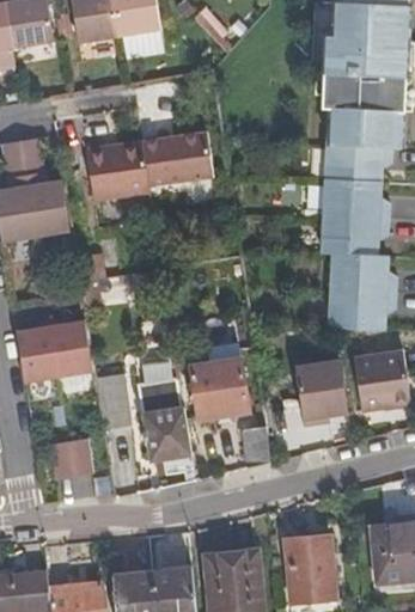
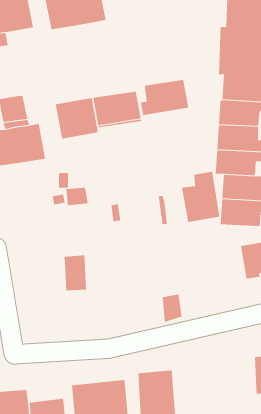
building: none -> [140,79,189,116]
building: [16,324,96,386] -> none
building: [188,343,245,418] -> [181,171,220,223]
building: [298,363,349,420] -> none
building: [139,381,195,484] -> none
building: [50,441,92,483] -> none
building: [288,533,337,602] -> none

